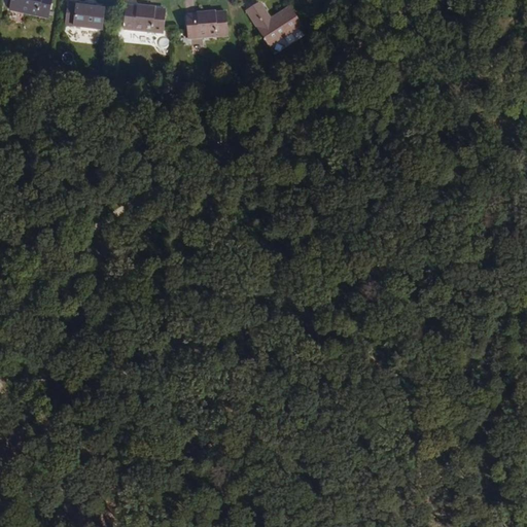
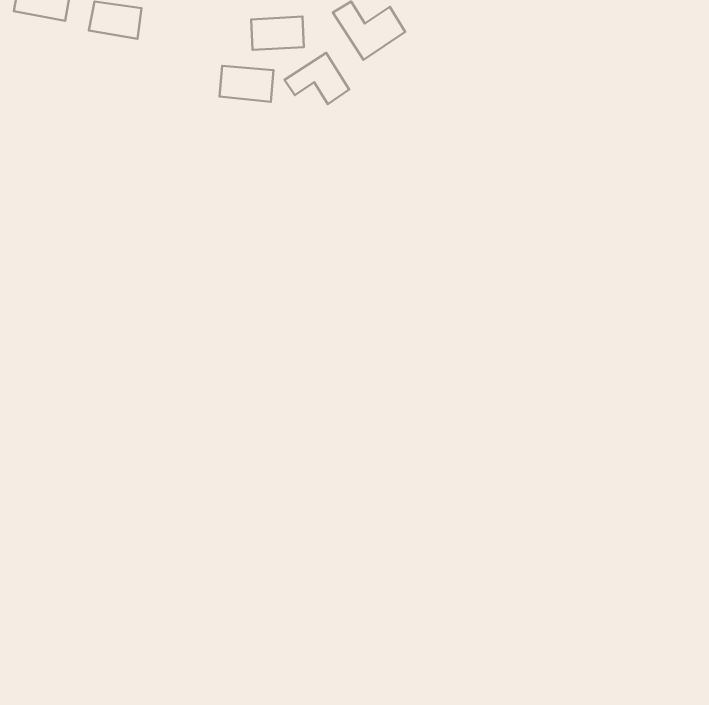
building: [125,4,165,31] -> [219,66,273,102]
building: none -> [284,53,349,104]

